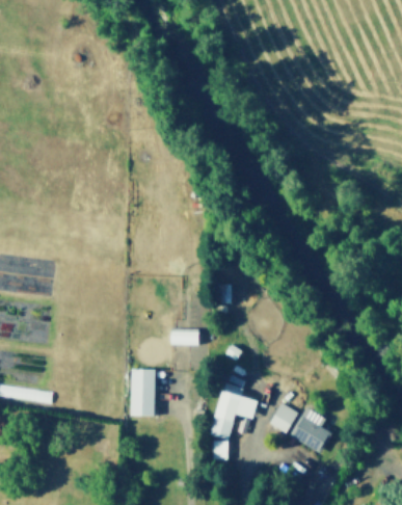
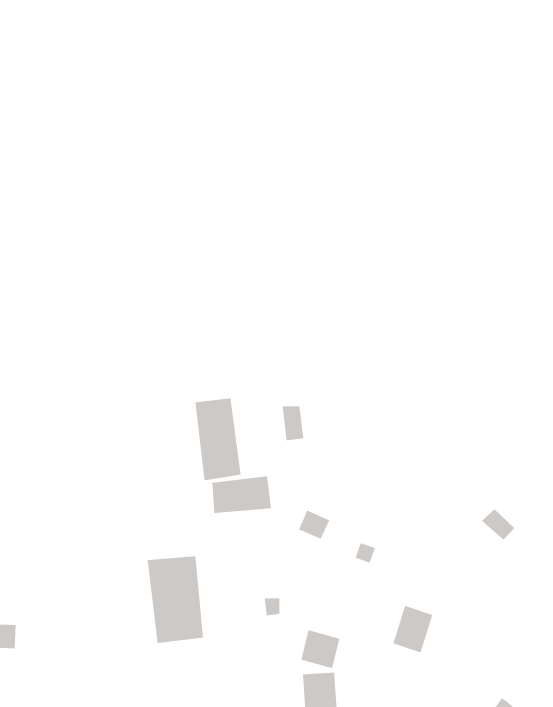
building: none -> [195,398,241,481]
building: [220,386,247,418] -> none
building: [289,416,328,451] -> none

